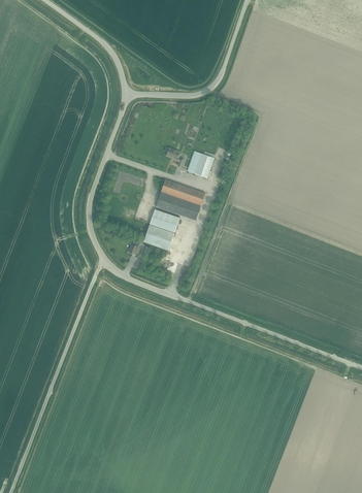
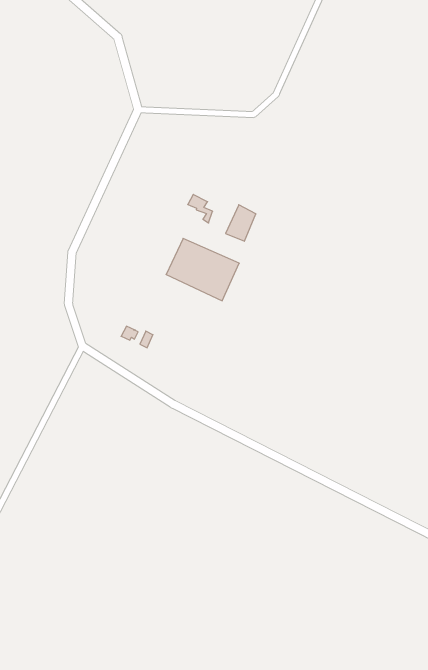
building: [143,209,178,250] -> none

